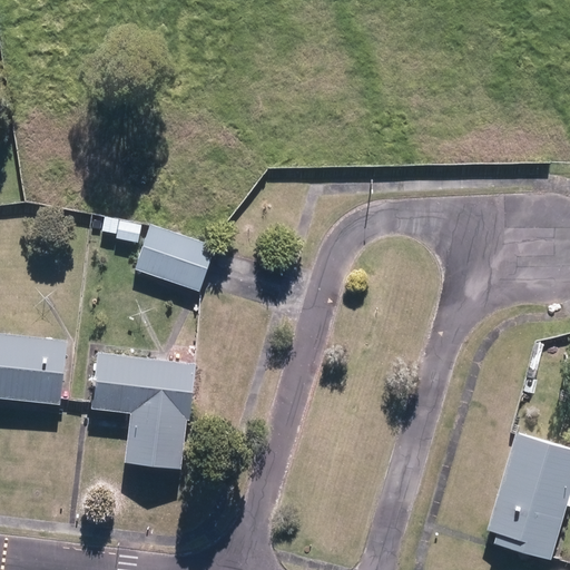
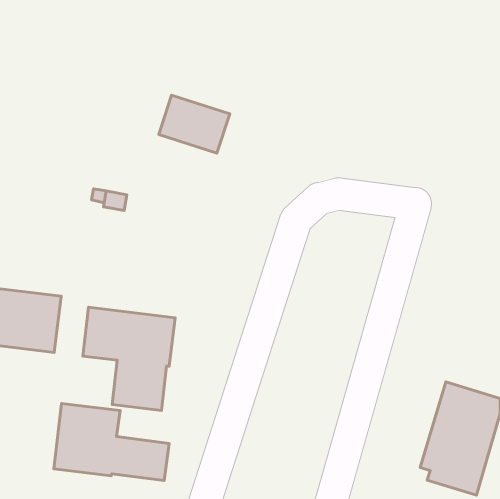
building: [135,226,215,292] -> [159,95,230,153]
building: none -> [54,403,169,481]

